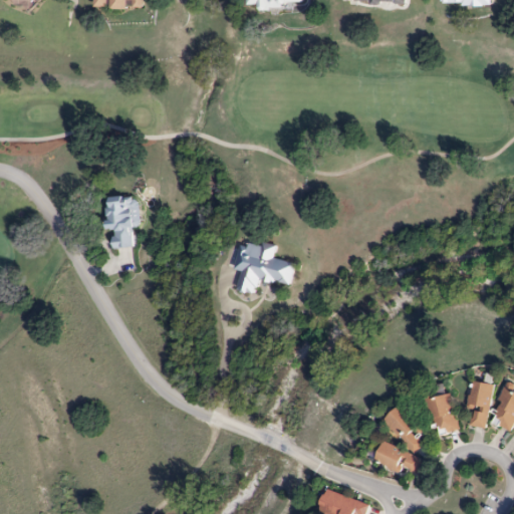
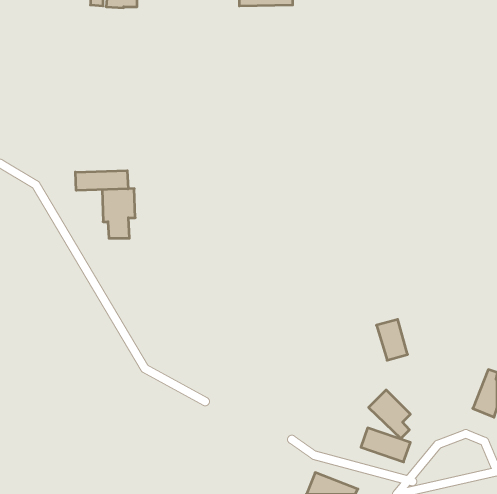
building: none -> [75,171,128,190]
building: [235,238,295,292] -> none
building: [466,380,491,428] -> none
building: [426,393,458,435] -> [376,319,408,360]

